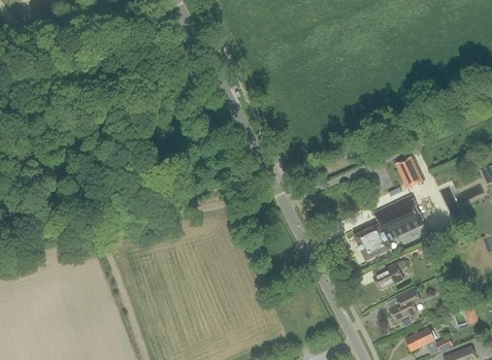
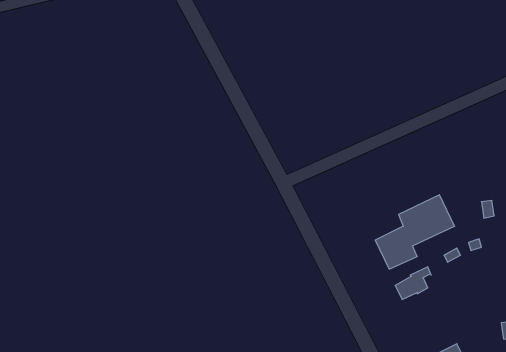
building: [395,156,422,187] -> none
building: [389,287,421,324] -> none

